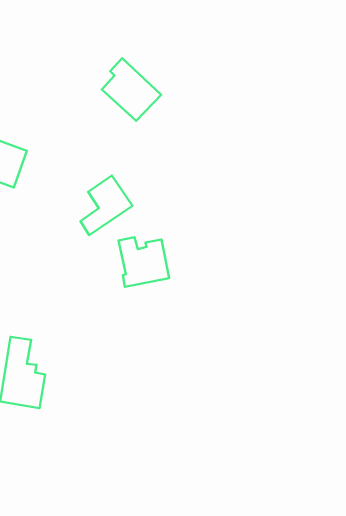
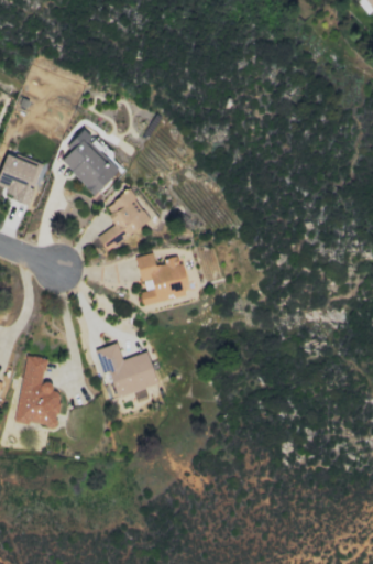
building: [102,58,161,121] -> [62,130,122,194]
building: none -> [102,343,158,398]

